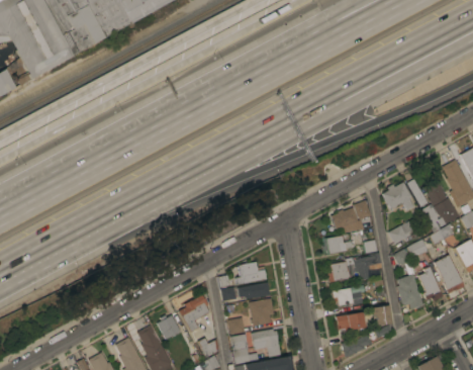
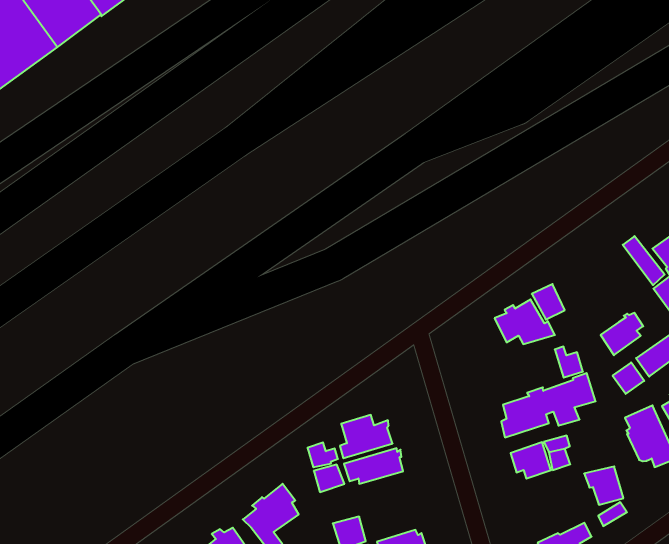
building: [381,182,413,210] -> none
building: [321,234,352,254] -> none
building: [249,297,274,325] -> none
building: [335,311,364,334] -> none

